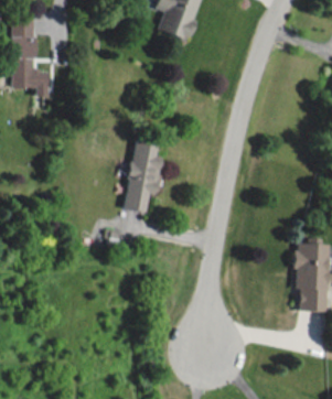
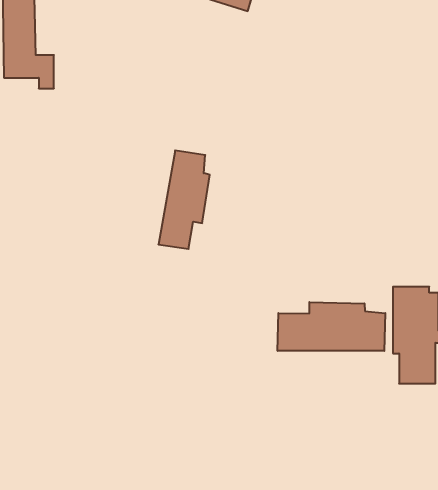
building: none -> [278,302,385,351]

